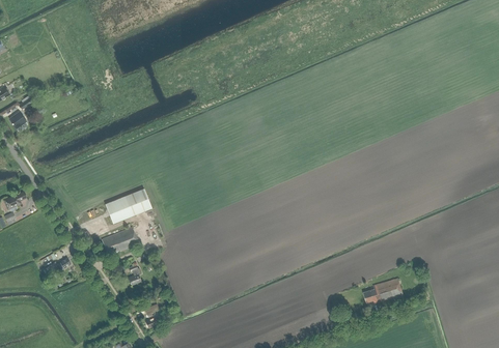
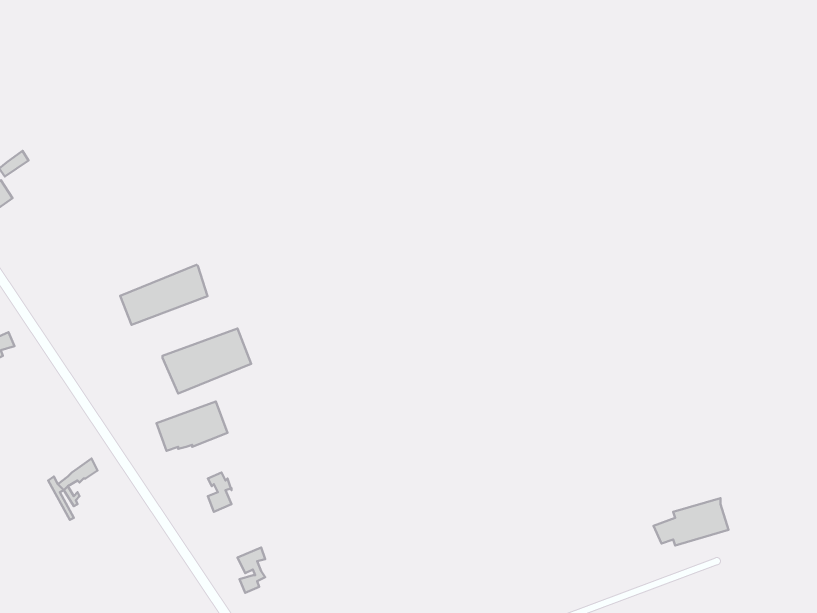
building: none -> [120,265,208,325]

